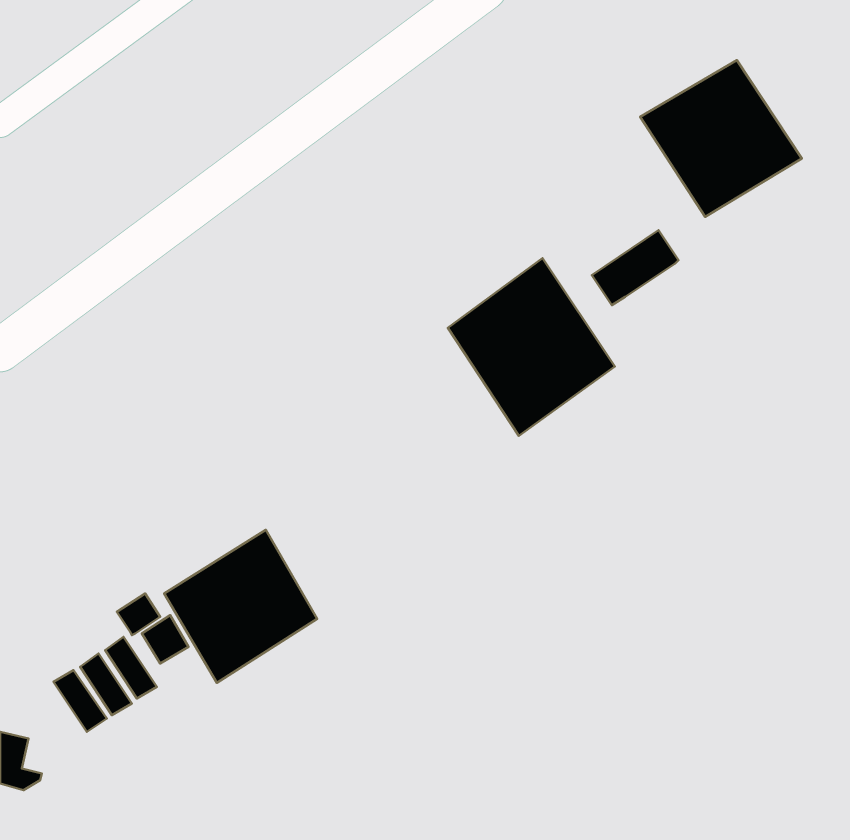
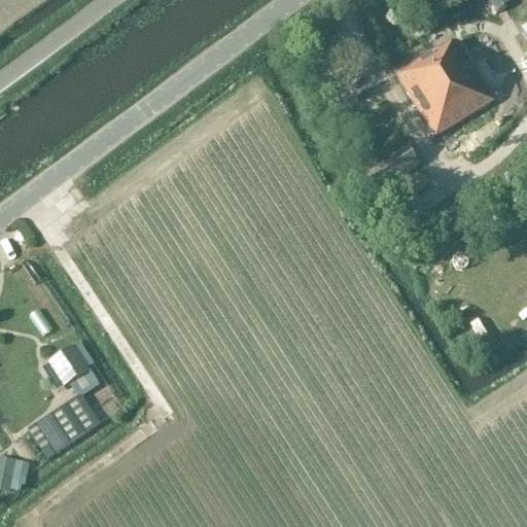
building: [448,258,615,436] -> none
building: [164,530,317,683] -> none
building: none -> [49,342,91,383]

